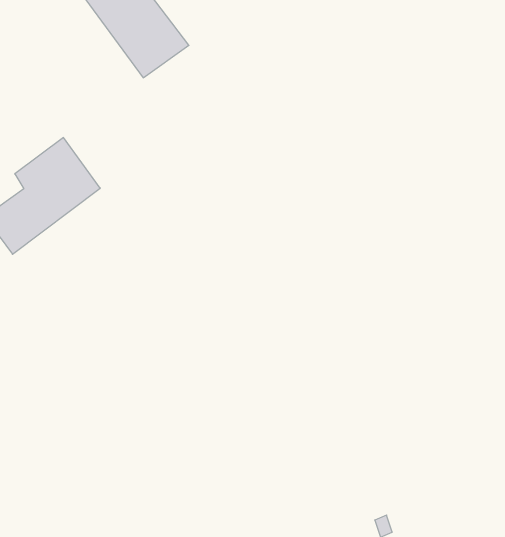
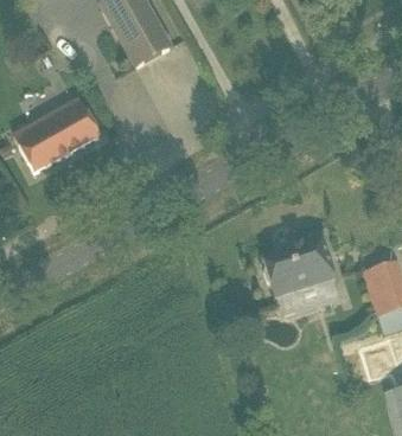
building: none -> [262,233,337,297]

